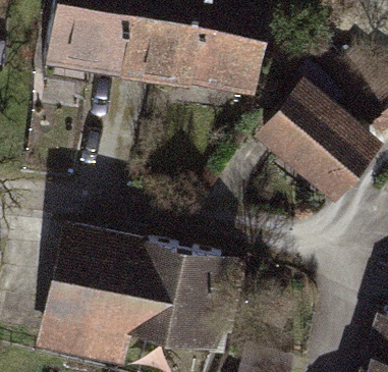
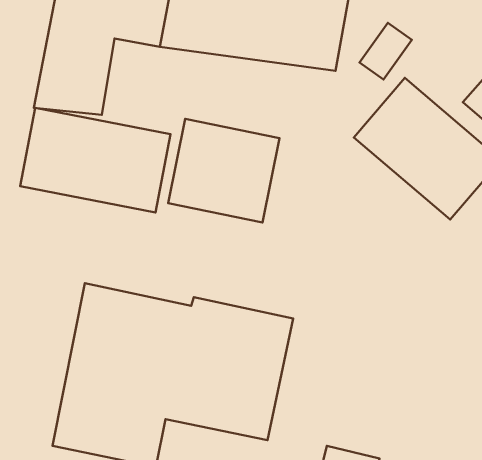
building: none -> [20,108,171,212]
building: none -> [168,119,280,222]

